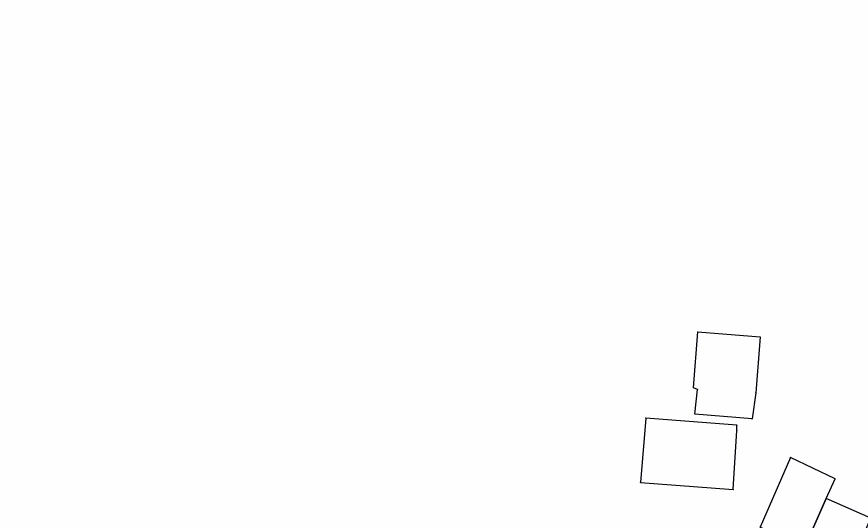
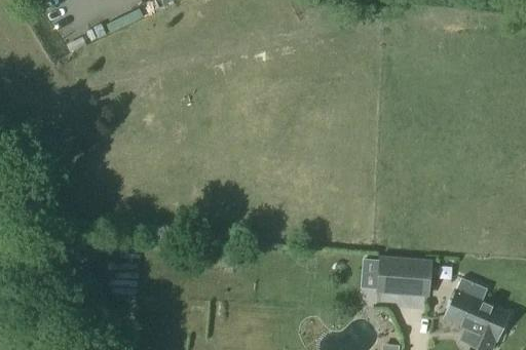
building: [693,332,760,419] -> none

